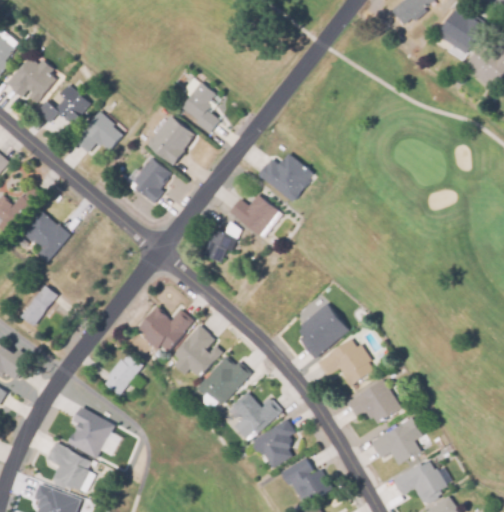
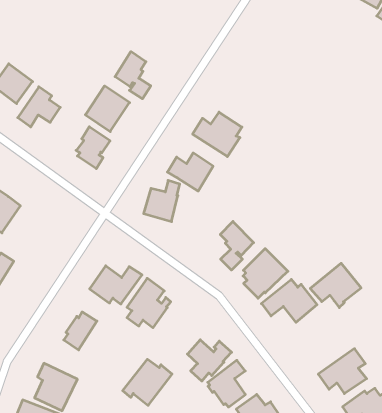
building: none -> [220,221,254,270]
building: [196,355,250,404] -> [123,359,172,405]
building: [348,377,402,424] -> [310,263,361,308]

